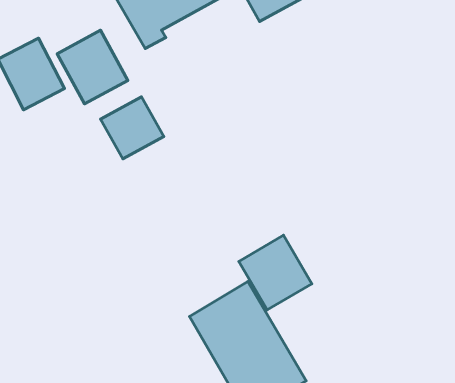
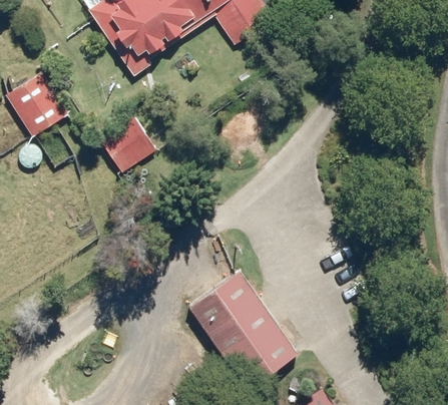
building: [57,30,128,104] -> none
building: [239,235,312,310] -> none

